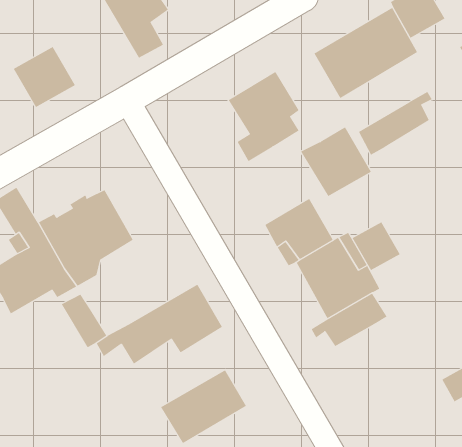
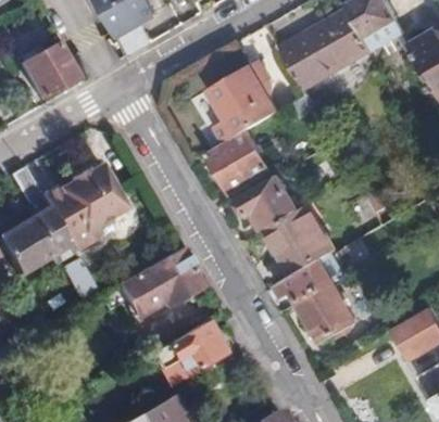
building: [358,91,433,156] -> none
building: [300,126,372,197] -> [206,130,268,191]
building: [352,221,400,271] -> none
building: none -> [299,283,354,341]

